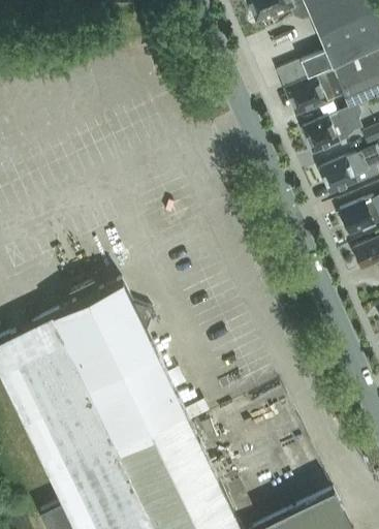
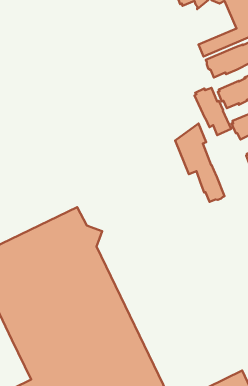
building: none -> [194,88,231,135]
building: none -> [175,124,225,202]

